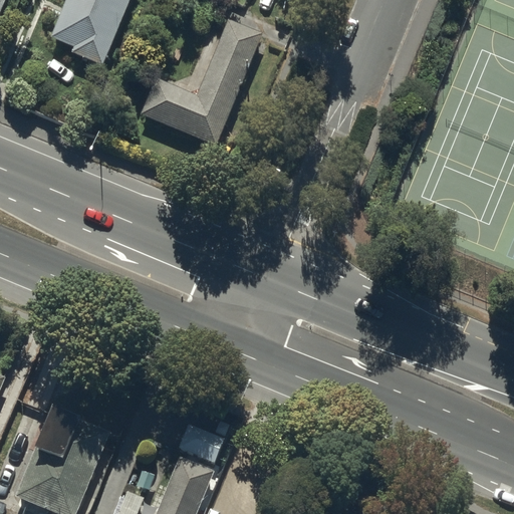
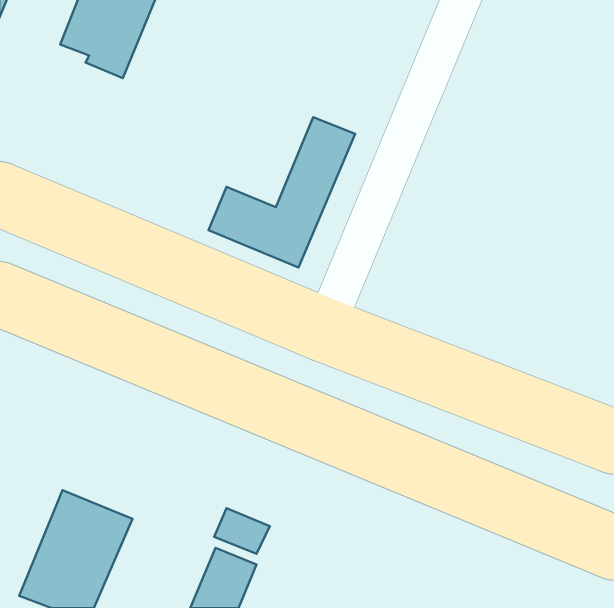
building: [141,19,263,145] -> [208,117,355,268]

